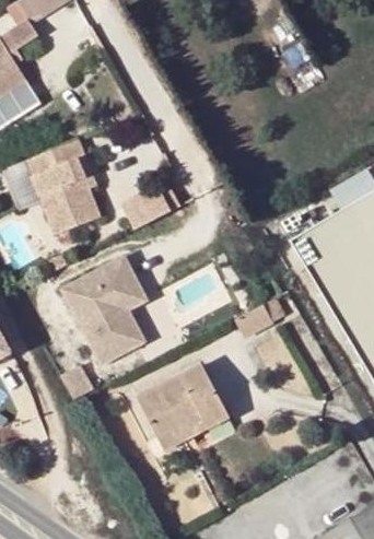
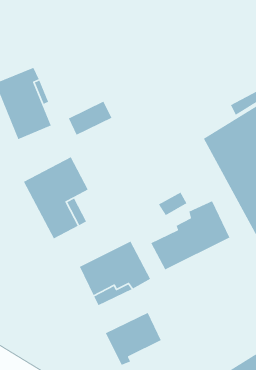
building: none -> [150,200,230,271]
building: none -> [105,312,162,366]

